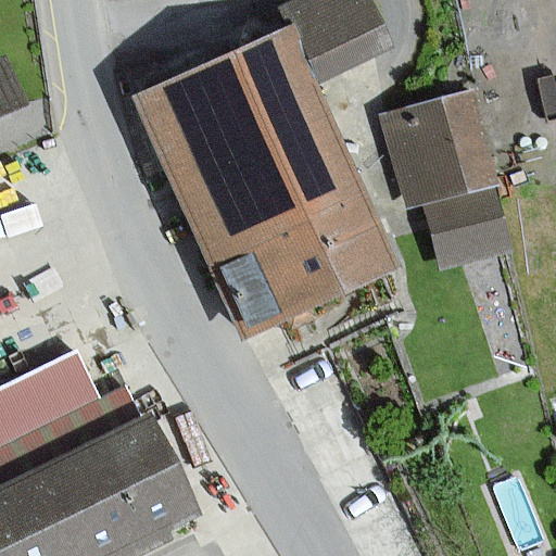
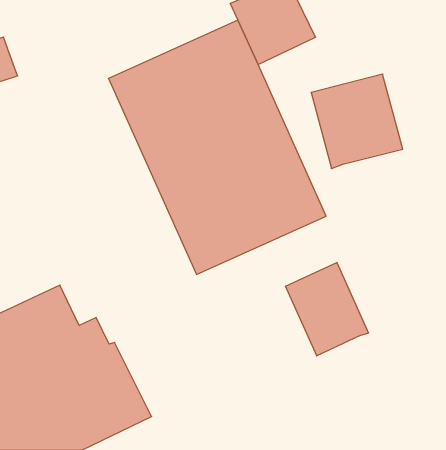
building: [422,184,514,269] -> none
building: none -> [286,262,369,356]

